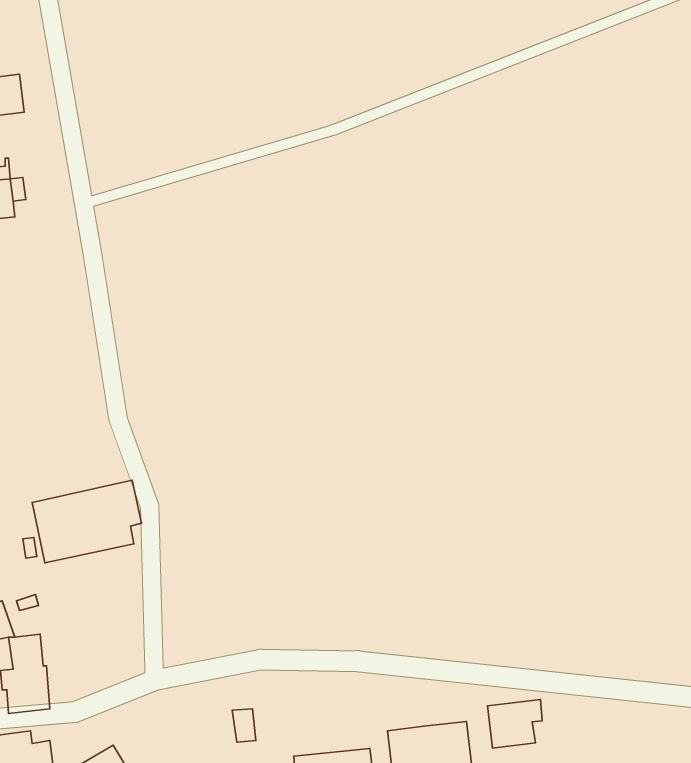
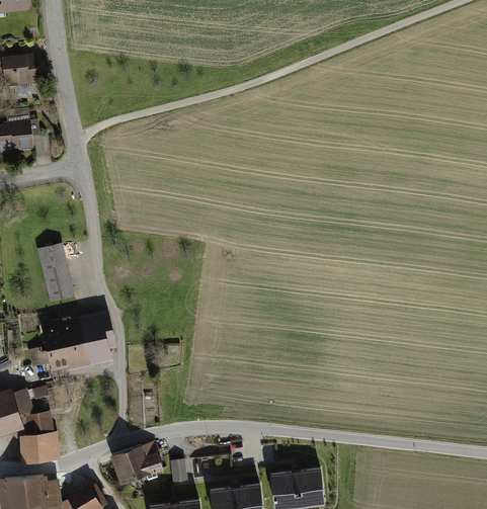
building: none -> [39,244,72,299]
building: none -> [112,443,162,481]
building: [488,700,542,748] -> none

